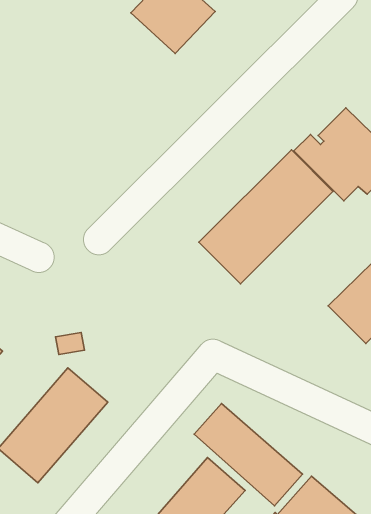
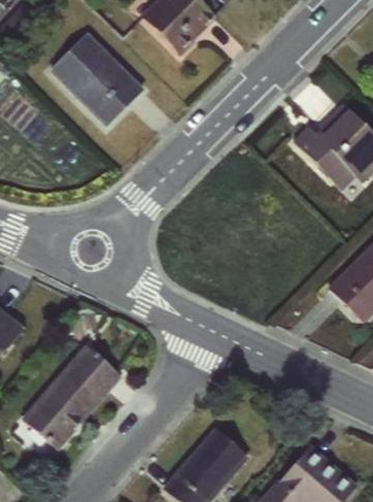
building: none -> [52,28,149,125]
building: [199,150,333,284] -> none
building: [194,404,302,506] -> none

